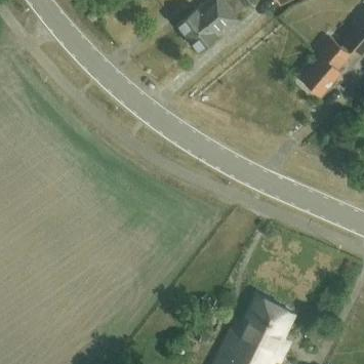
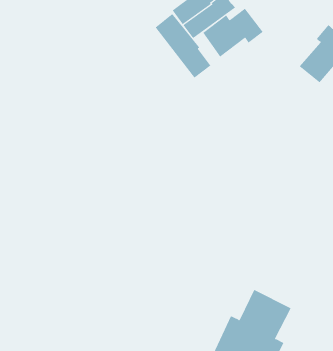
building: none -> [202,8,264,57]
building: none -> [155,13,211,78]

